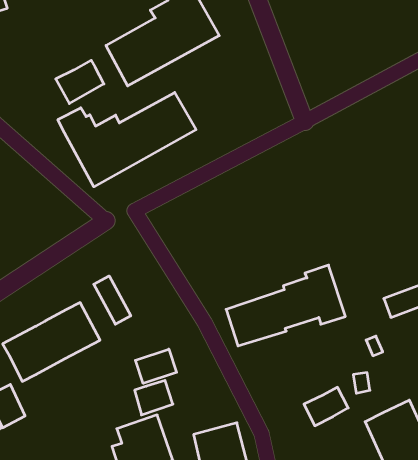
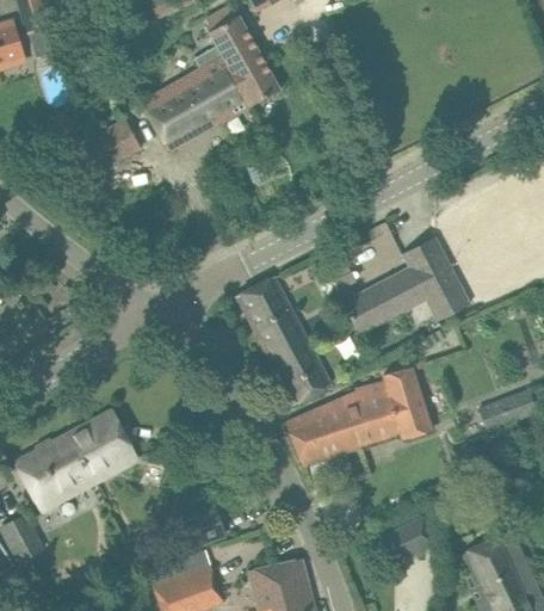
building: [58,92,196,187] -> none
building: none -> [341,236,471,335]
building: none -> [235,276,330,405]
building: [94,276,131,324] -> none
building: [135,349,177,383] -> none

